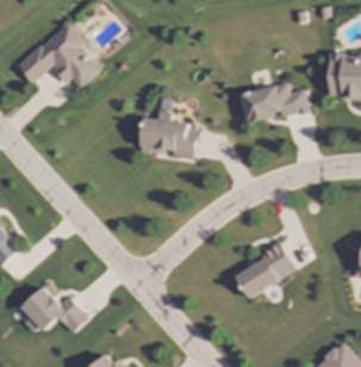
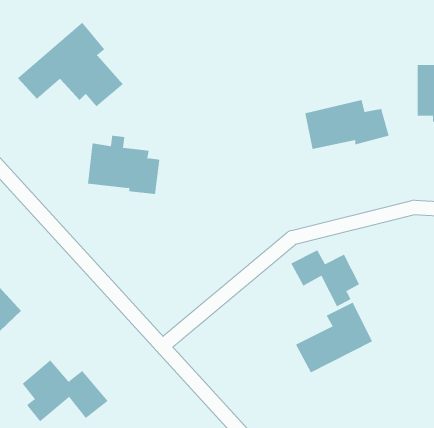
building: [141,111,198,157] -> [87,135,160,195]
building: none -> [291,250,360,307]

